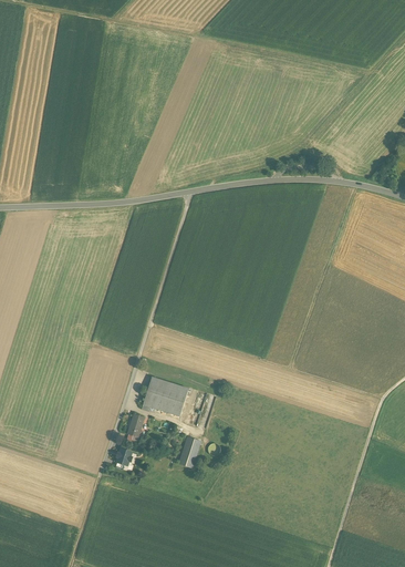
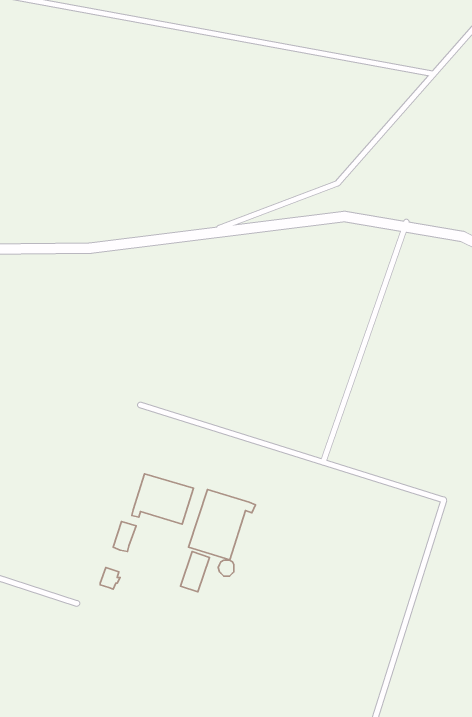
building: none -> [188,490,255,560]

